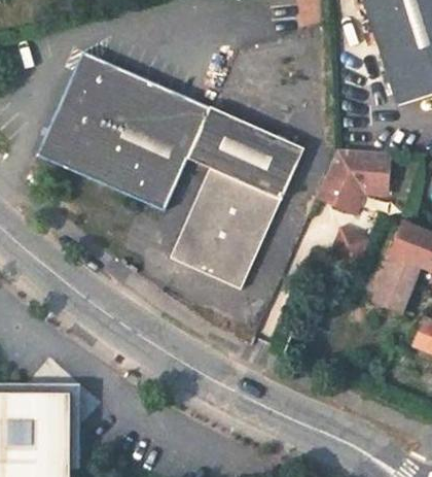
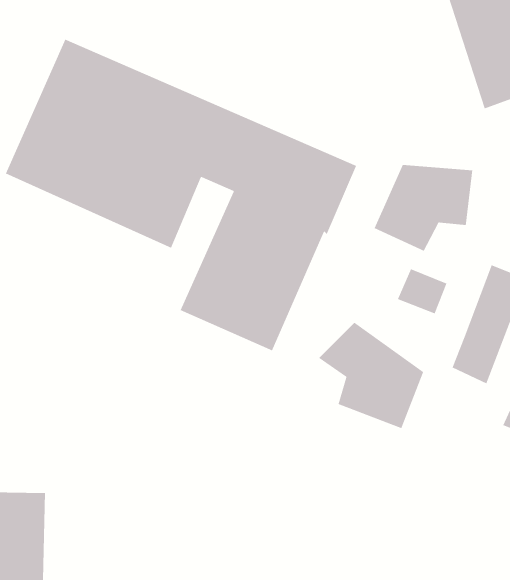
building: none -> [318,322,424,429]

